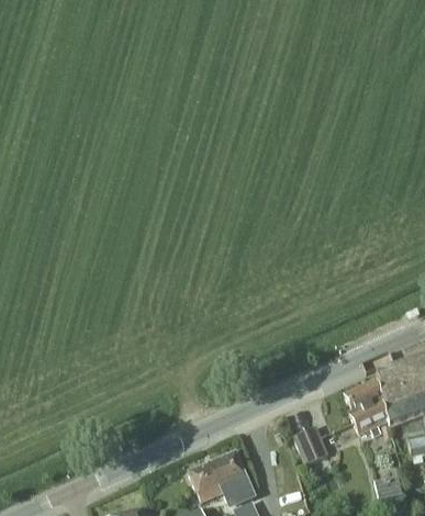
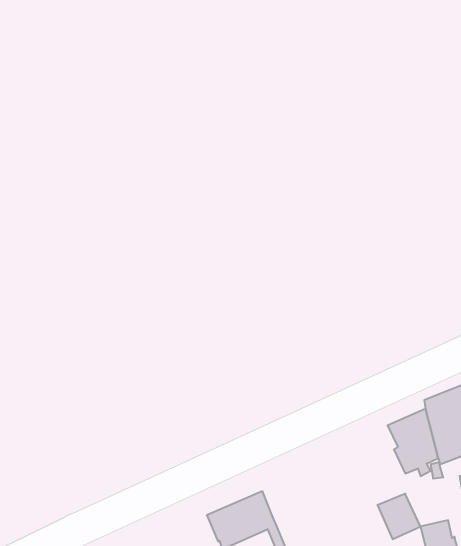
building: [291,427,328,467] -> [377,494,420,539]

